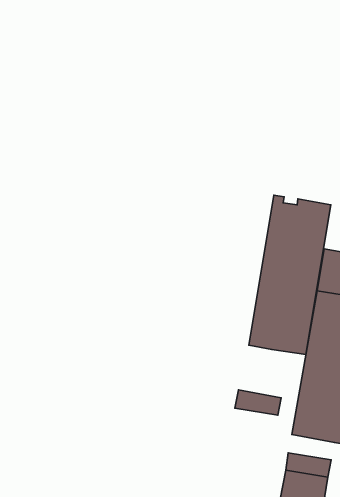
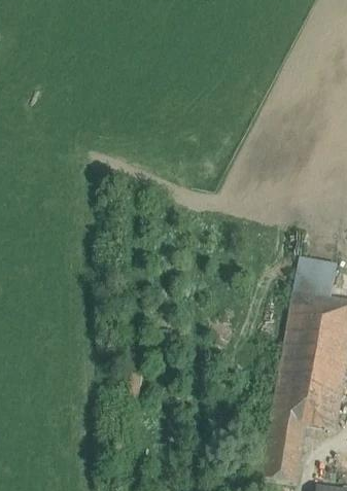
building: [249,195,331,355] -> none
building: [235,390,281,415] -> [267,421,308,444]

